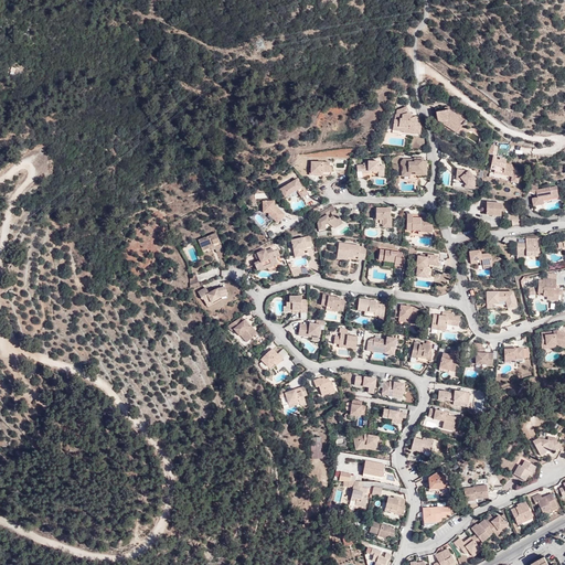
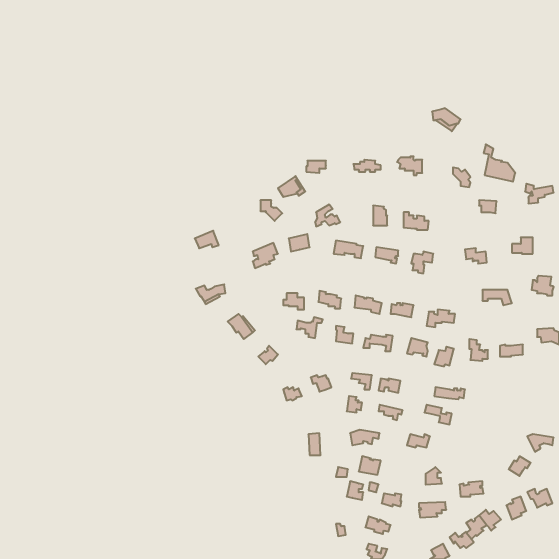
building: [393,107,420,135] -> none

